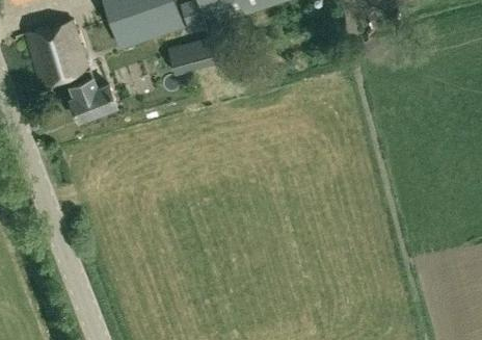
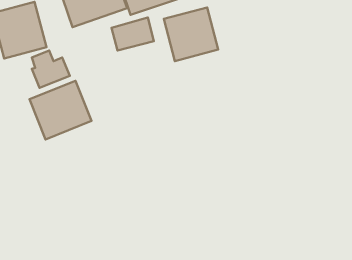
building: none -> [164,7,218,61]
building: none -> [29,81,91,140]

